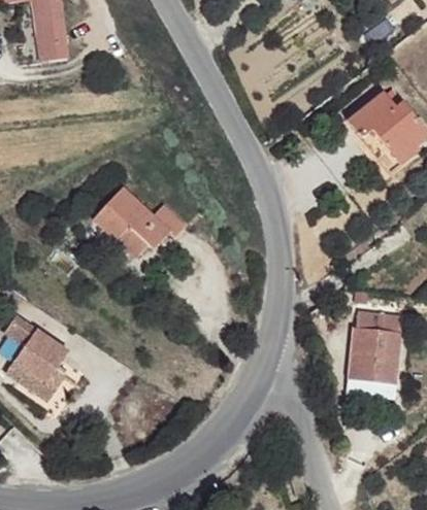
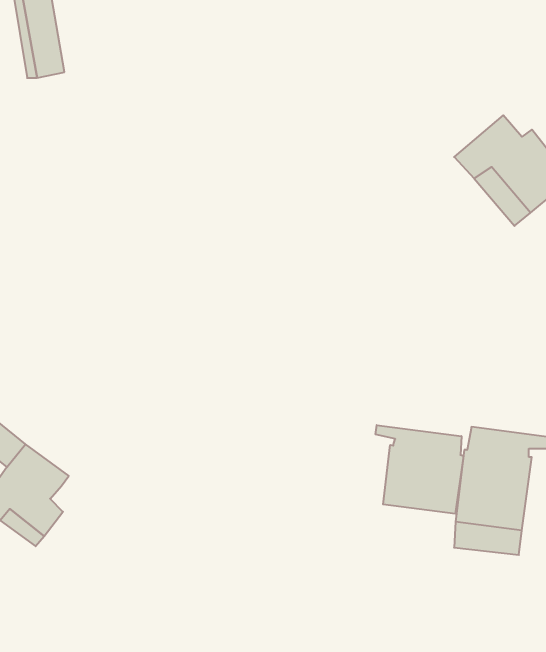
building: [97,184,191,254] -> none
building: none -> [376,425,464,514]

